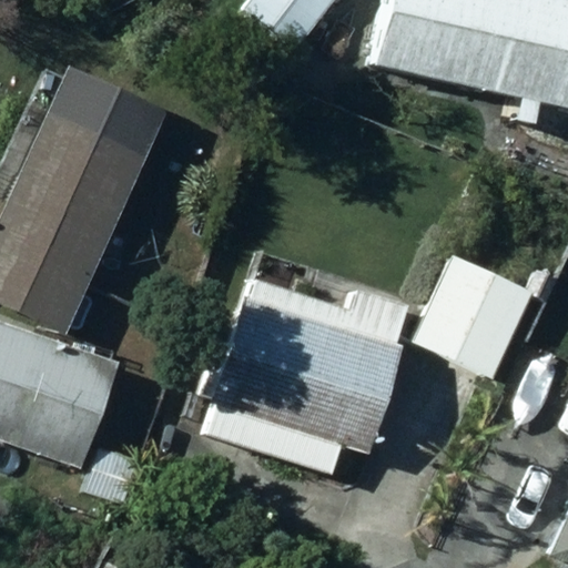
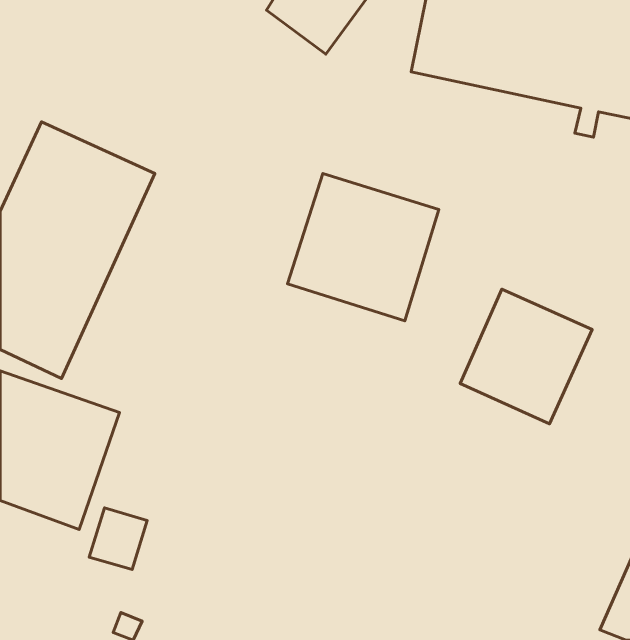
building: none -> [287,173,439,321]
building: [206,294,403,474] -> none

